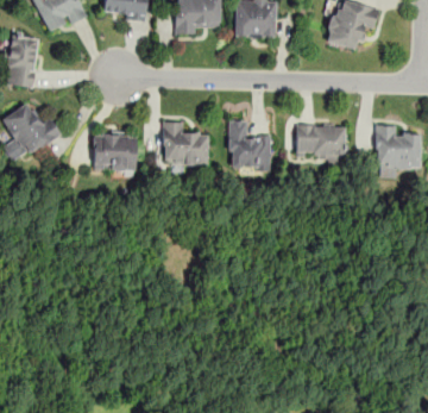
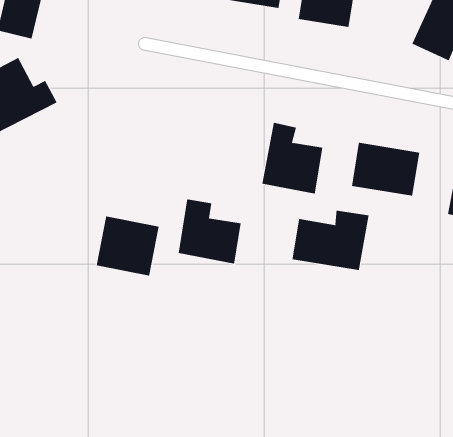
building: [163,121,208,165] -> [178,199,242,264]
building: [93,130,137,170] -> [96,216,160,276]
building: none -> [292,210,369,271]

